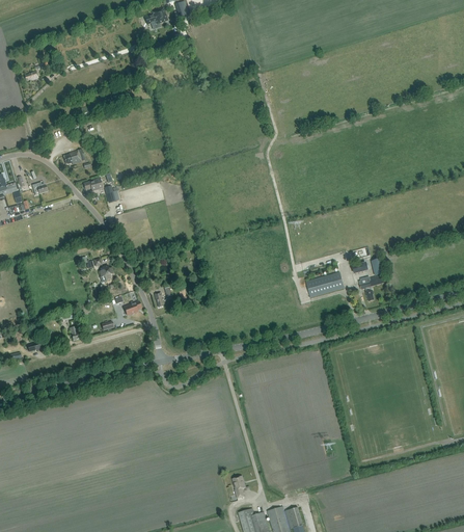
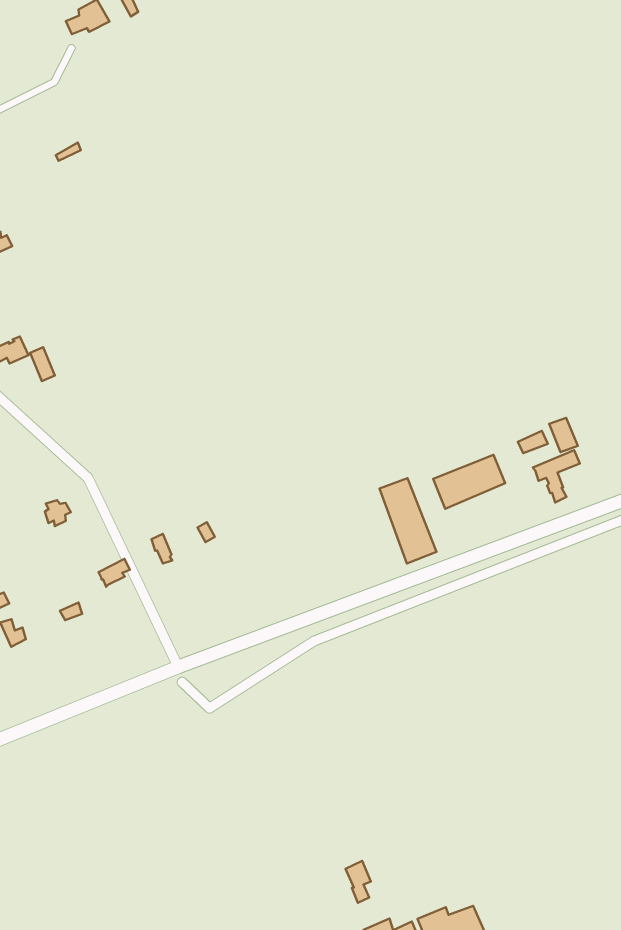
building: none -> [379,478,437,563]

